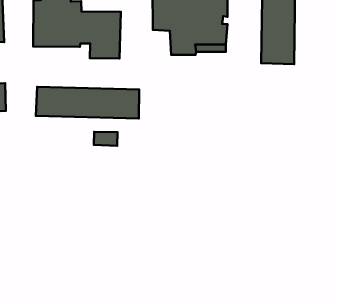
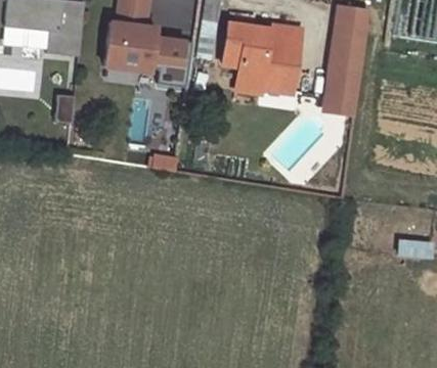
building: [36,87,139,118] -> none

